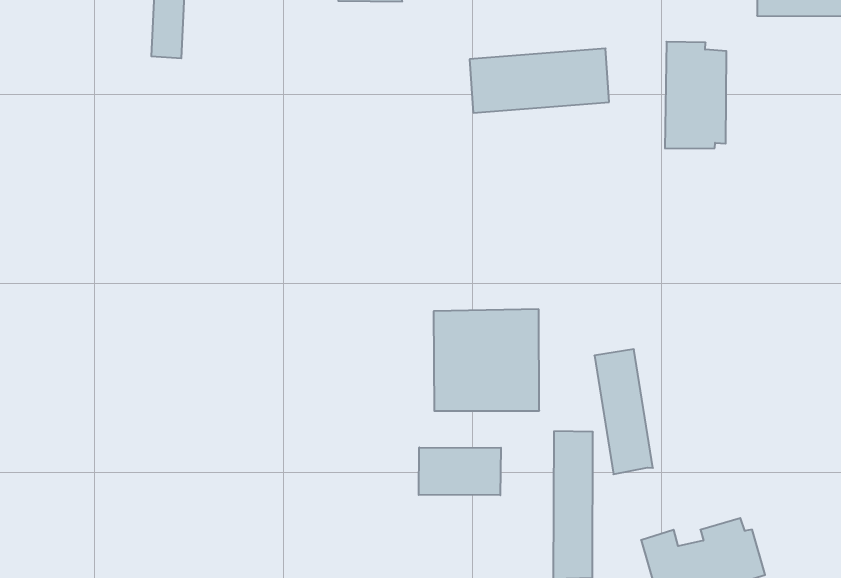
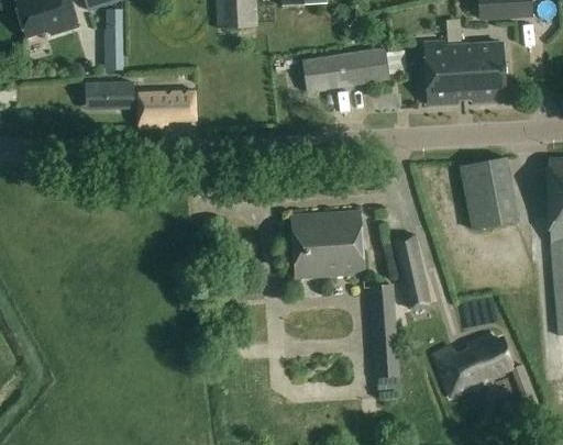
building: none -> [461,42,506,103]
building: none -> [86,82,195,126]
building: none -> [460,156,519,230]
building: [419,447,501,495] -> none

